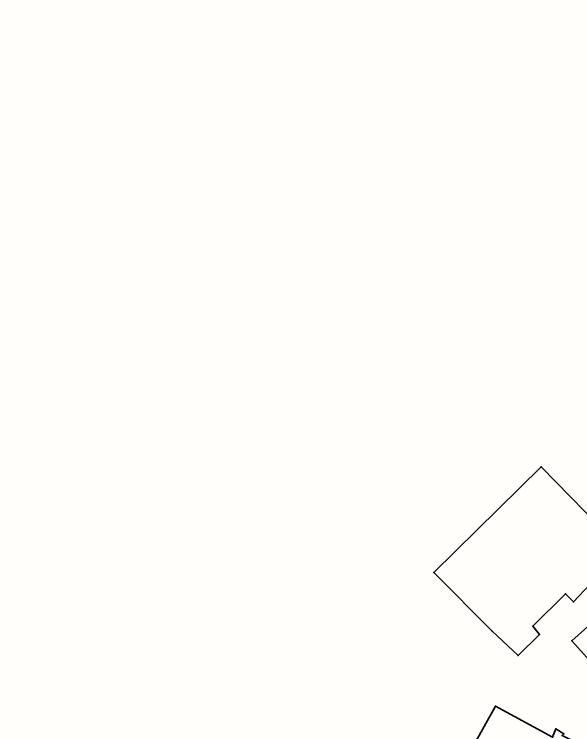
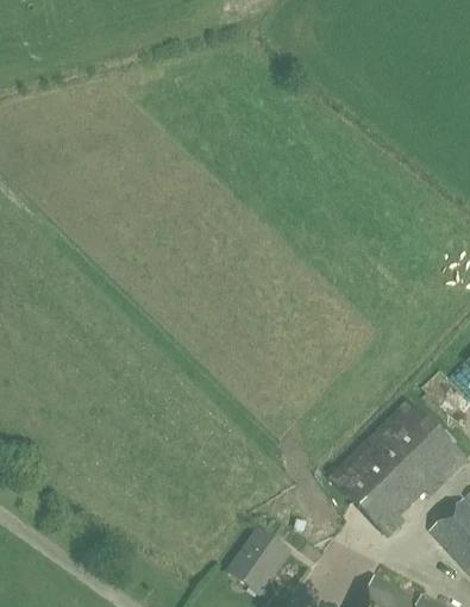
building: none -> [228,527,289,593]

